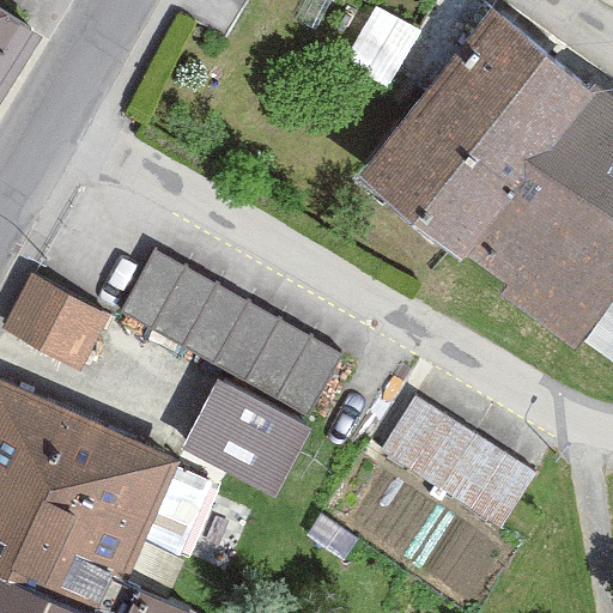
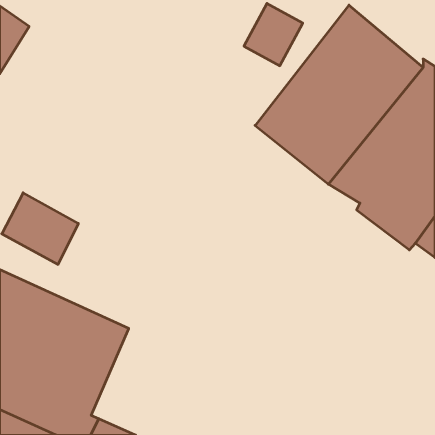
building: [117,248,340,414] -> none
building: [182,378,311,497] -> none
building: [380,394,538,529] -> none

